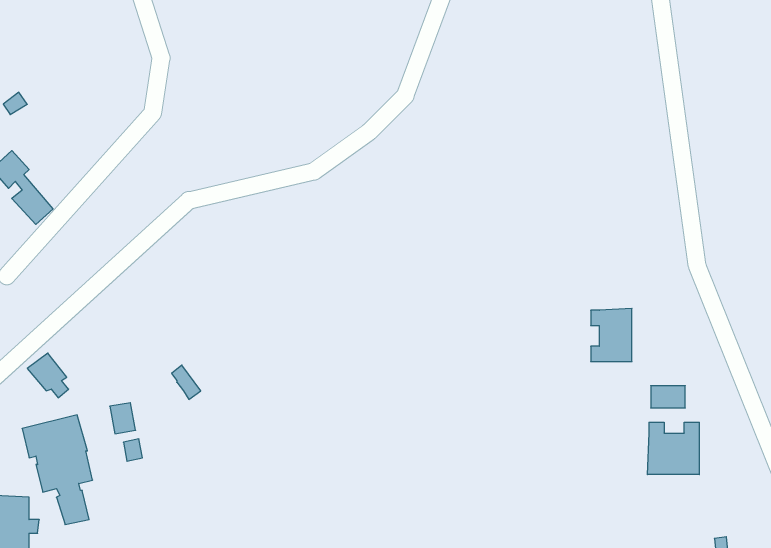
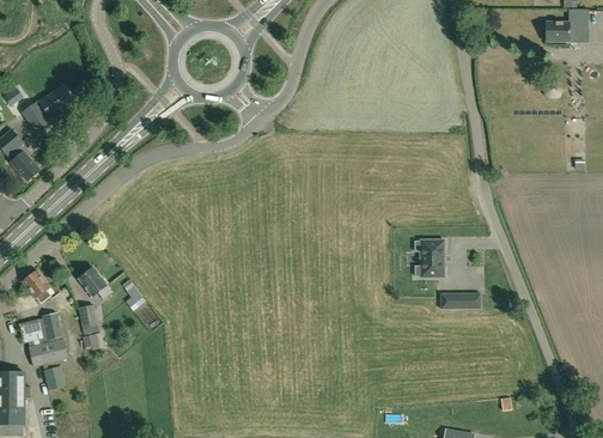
building: none -> [24,86,75,129]
building: none -> [79,267,114,299]
building: [647,422,699,475] -> none

